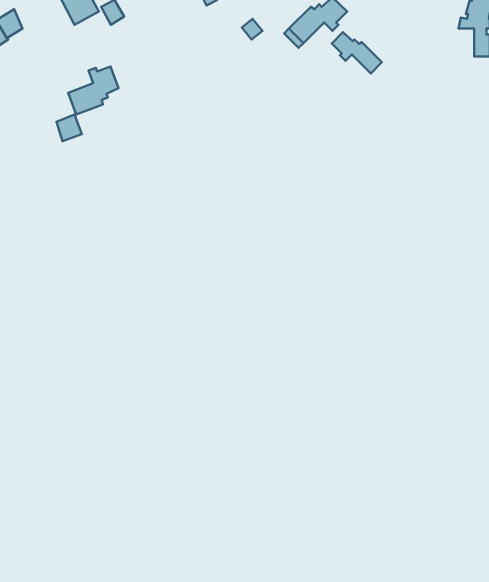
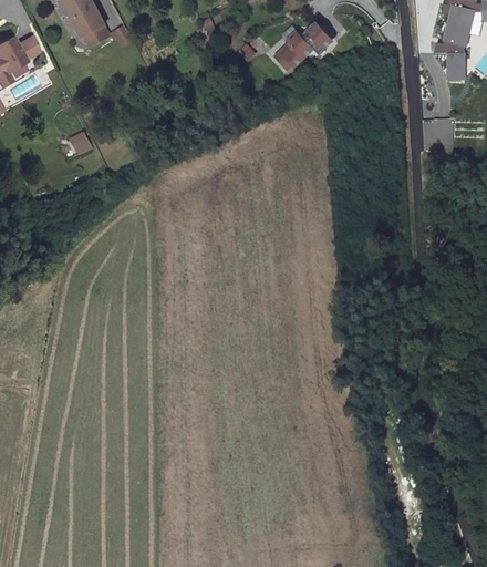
building: [332,32,382,73] -> none
building: [68,66,119,114] -> none

